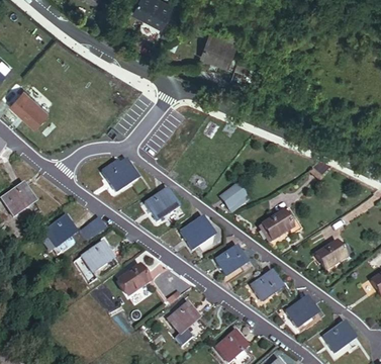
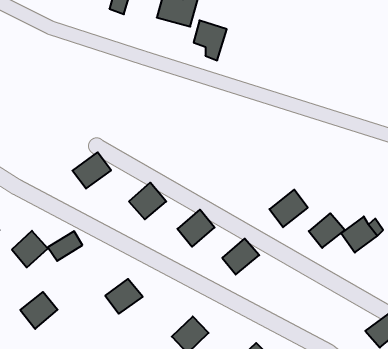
building: [219,182,247,208] -> none
building: [83,242,113,271] -> [20,292,58,329]
building: [252,271,281,298] -> [309,213,345,248]
building: [286,296,317,326] -> none

